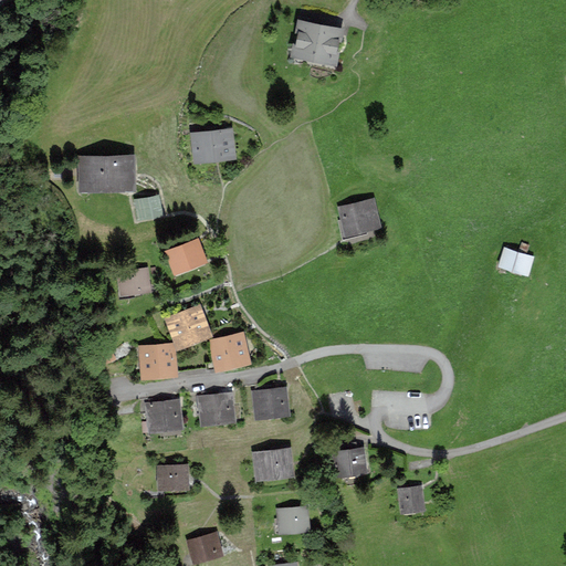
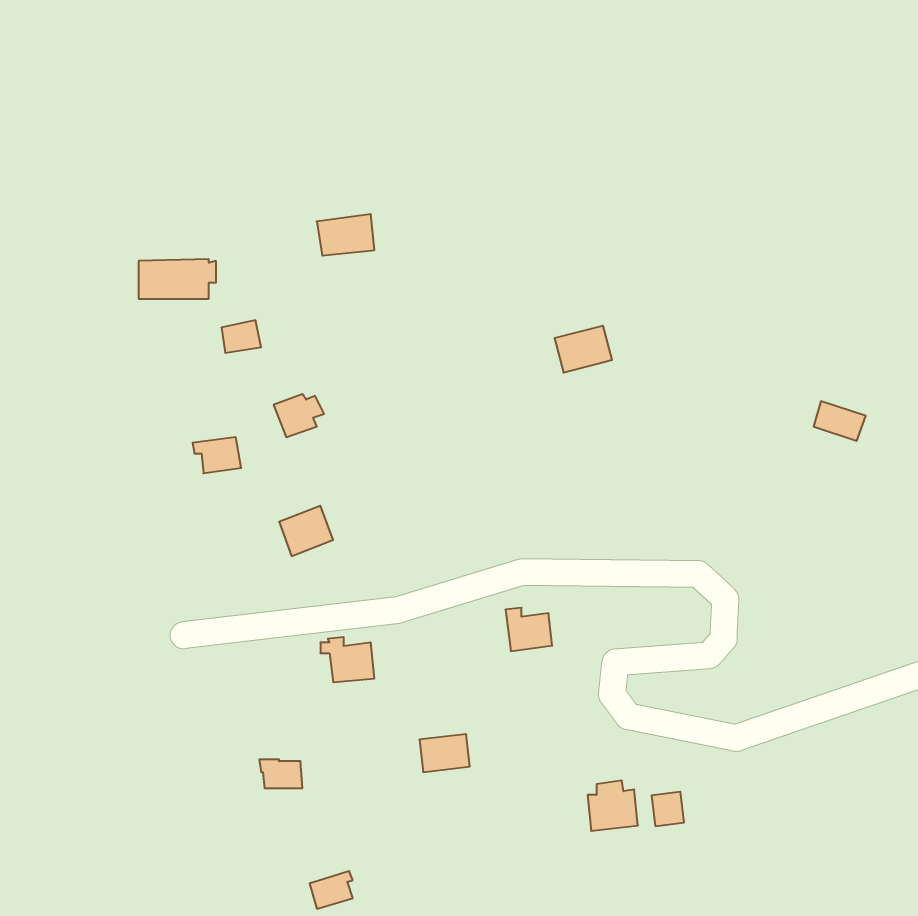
building: [298,18,338,59] -> none
building: [214,339,245,366] -> none
building: [145,350,172,374] -> none
building: [256,389,285,416] -> [505,608,552,651]
building: [150,400,179,429] -> none
building: [335,444,366,475] -> [588,780,638,831]
building: [276,511,308,532] -> none

